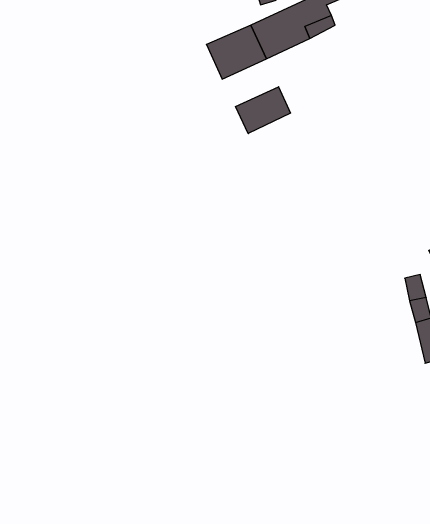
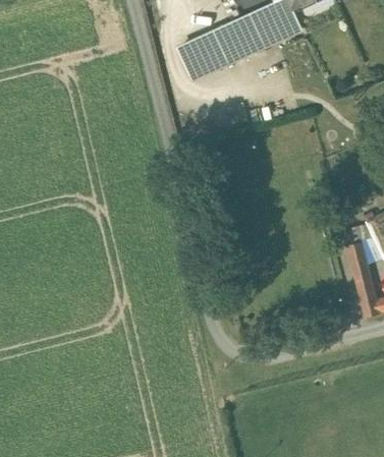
building: [235,87,291,134] -> none

